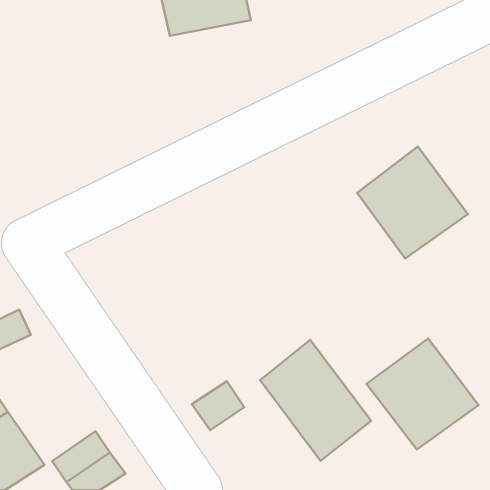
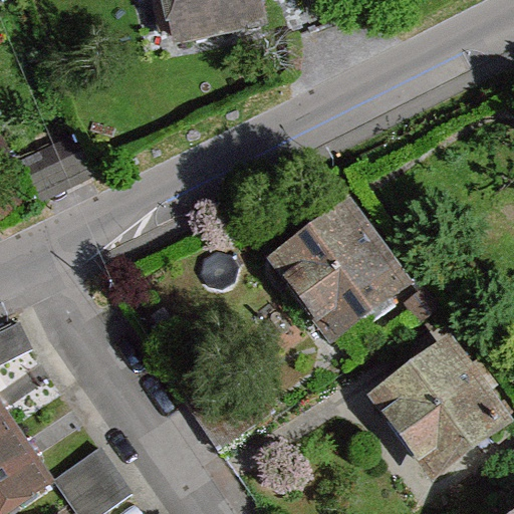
building: [357,147,468,258] -> [283,215,399,331]
building: [260,340,371,461] -> none

